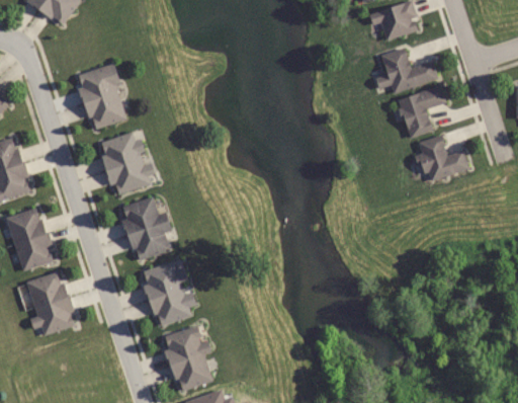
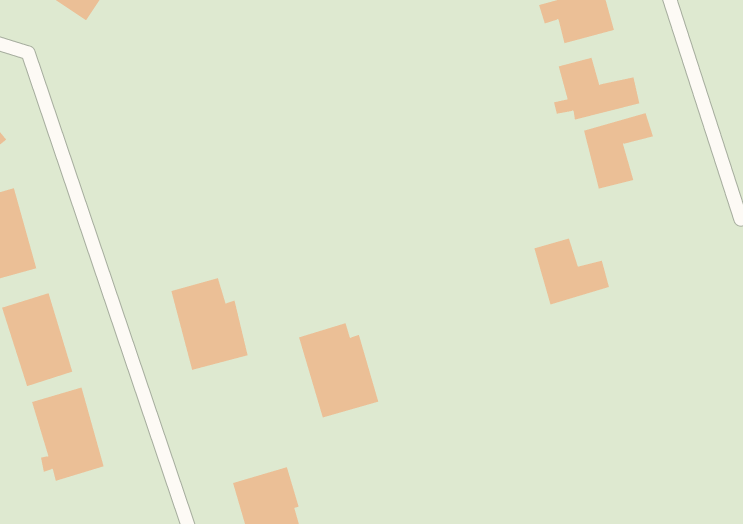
building: [76,64,127,130] -> none
building: [97,131,153,196] -> none
building: [416,136,467,181] -> [533,238,610,305]
building: [141,261,195,326] -> [298,322,379,418]

